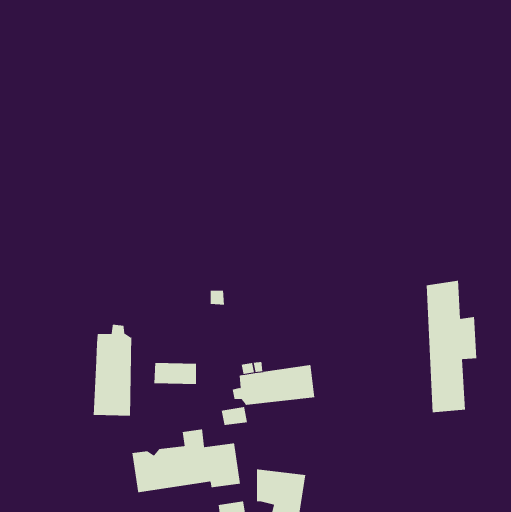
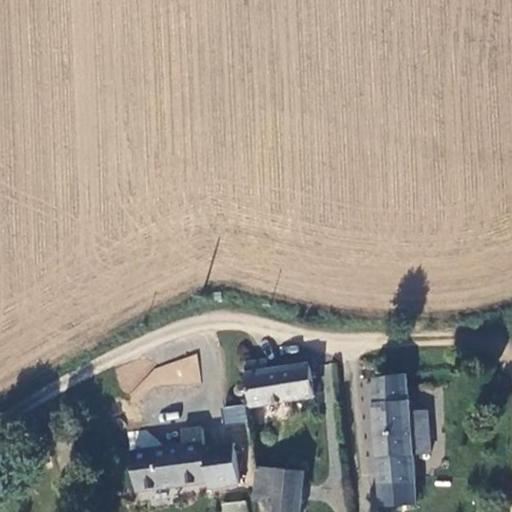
building: [426,280,477,413] -> [374,375,425,507]
building: [93,324,132,417] -> none

